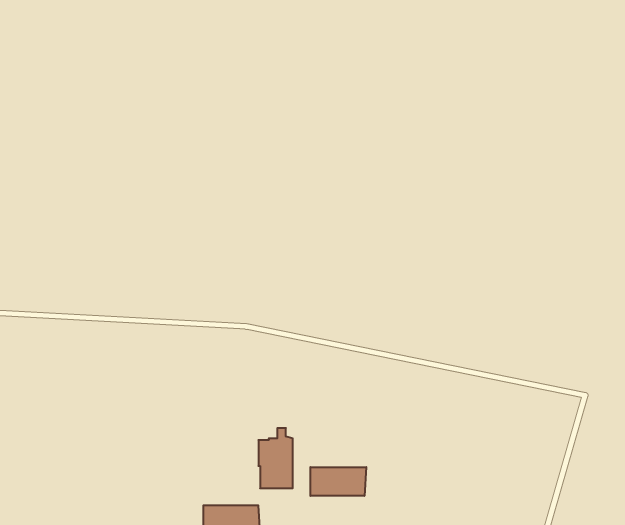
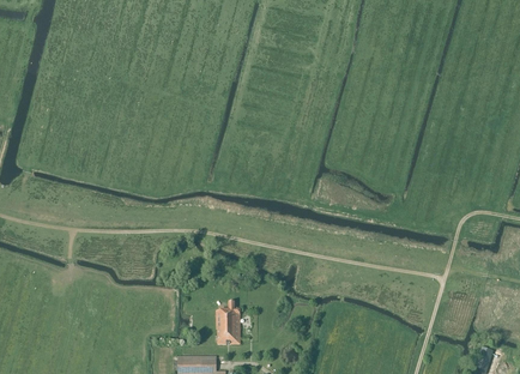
building: [310,467,366,496] -> none

